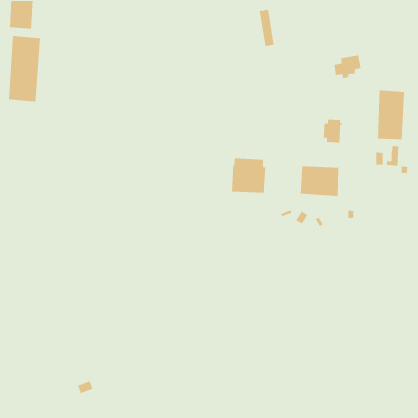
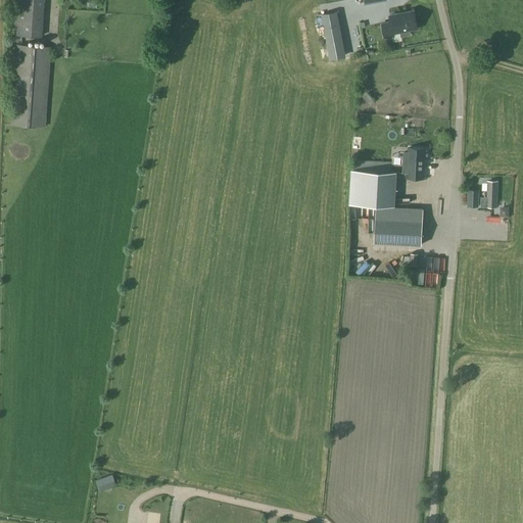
building: [334,55,361,79] -> [383,12,418,43]
building: [377,89,405,140] -> none
building: [231,158,266,194] -> [350,161,394,206]

